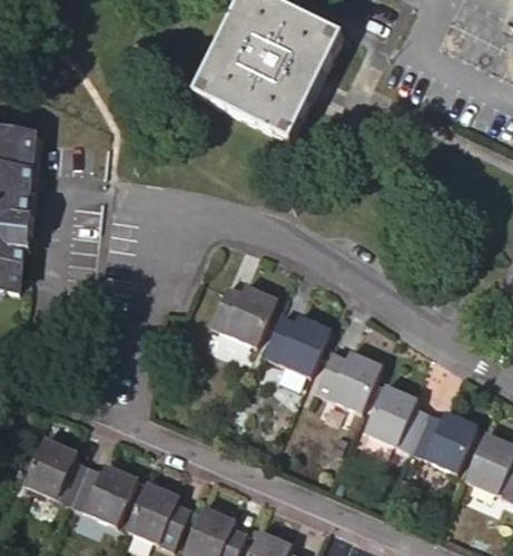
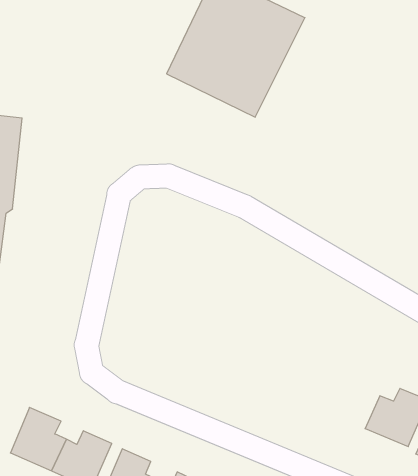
building: [207,289,274,350] -> none
building: [260,315,327,378] -> none
building: [310,354,376,416] -> none
building: [357,388,421,458] -> none

